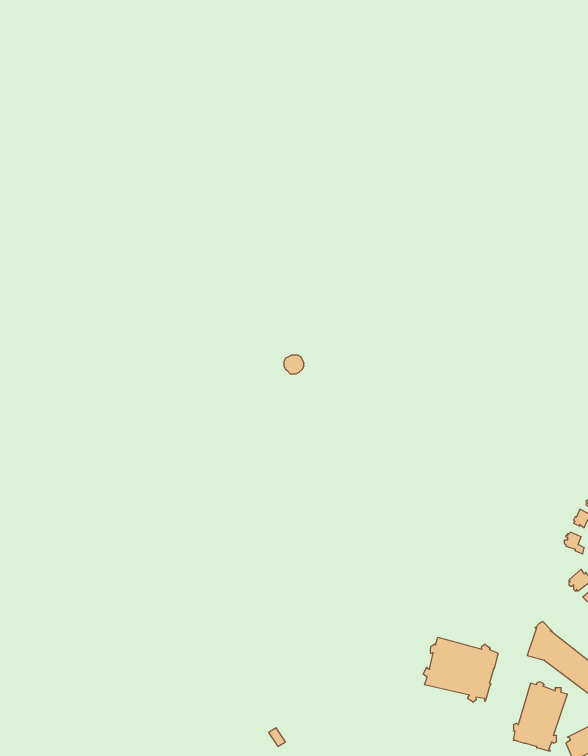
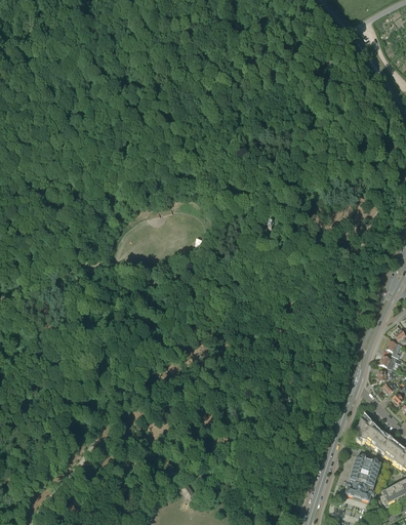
building: [423,637,498,702] -> none

